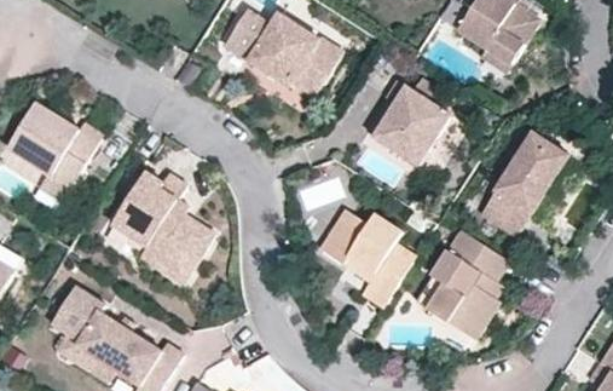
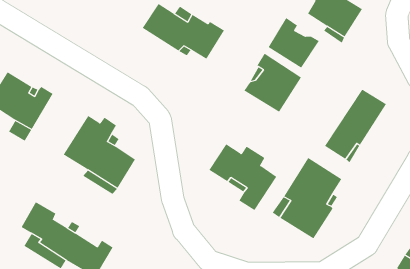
building: none -> [268,17,319,69]

